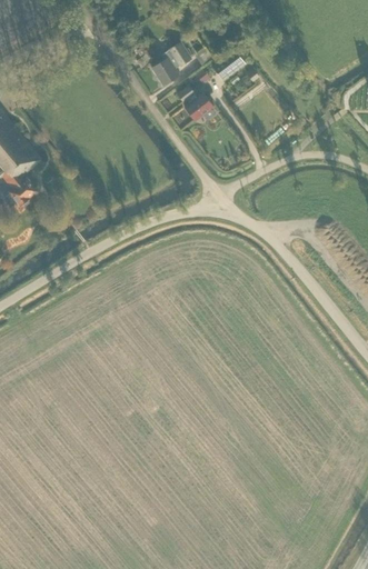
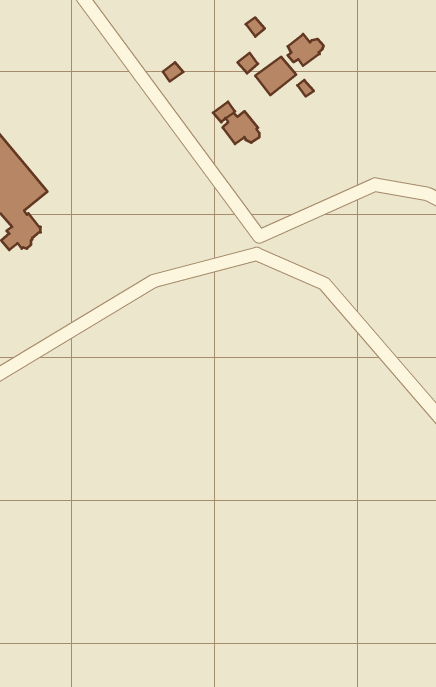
building: none -> [288,34,323,66]
building: [152,41,192,84] -> none

